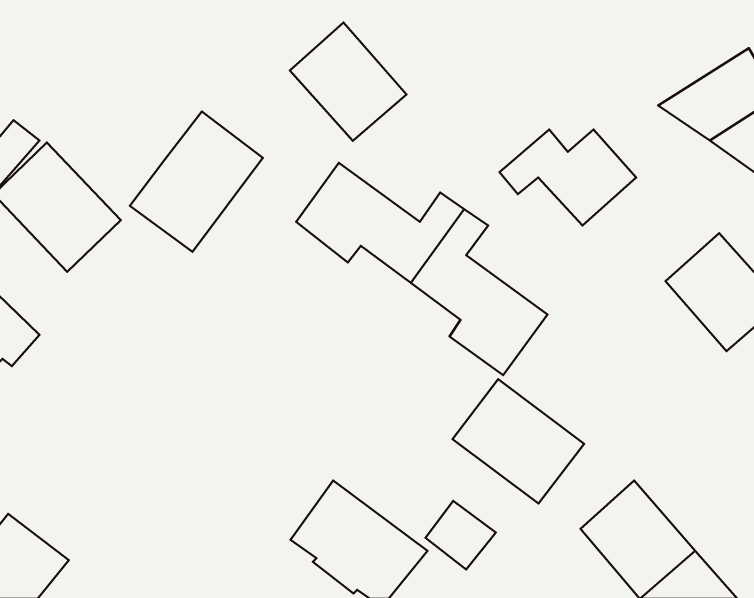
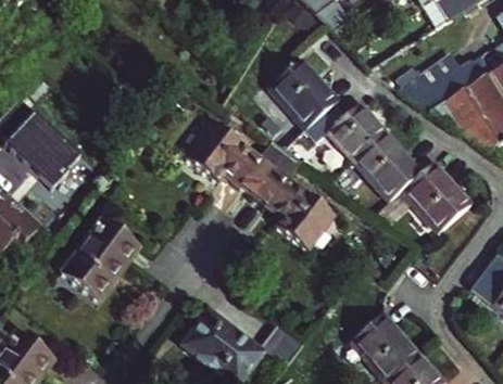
building: [290,22,406,141] -> [268,57,337,127]
building: [130,112,263,252] -> [60,218,138,300]
building: none -> [354,131,425,195]
building: [452,379,584,504] -> none

